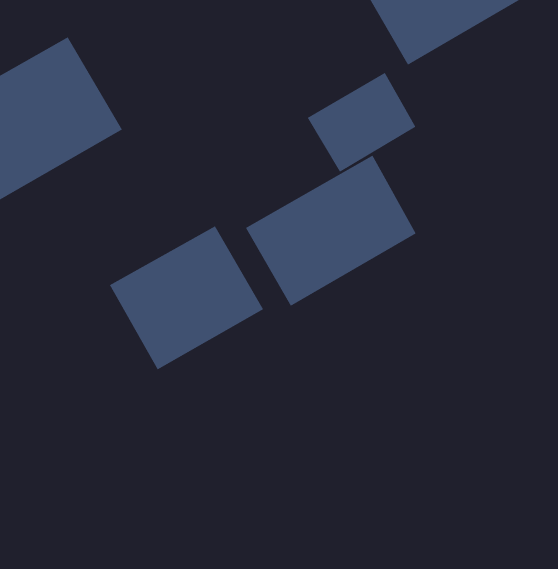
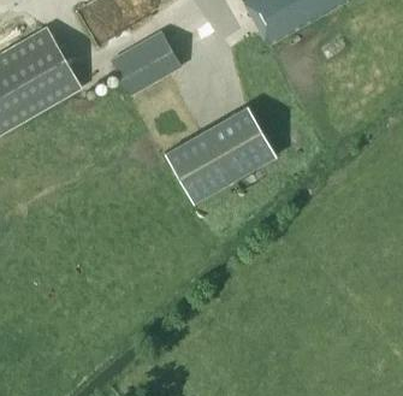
building: [307,72,416,172] -> [111,30,183,96]
building: [109,225,264,370] -> none

